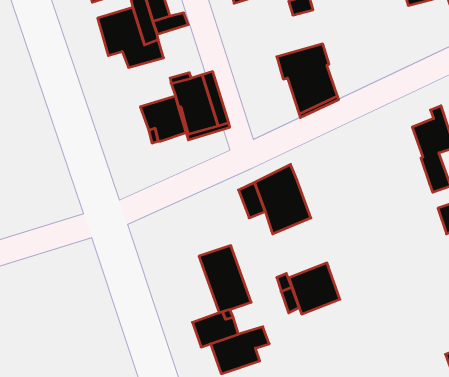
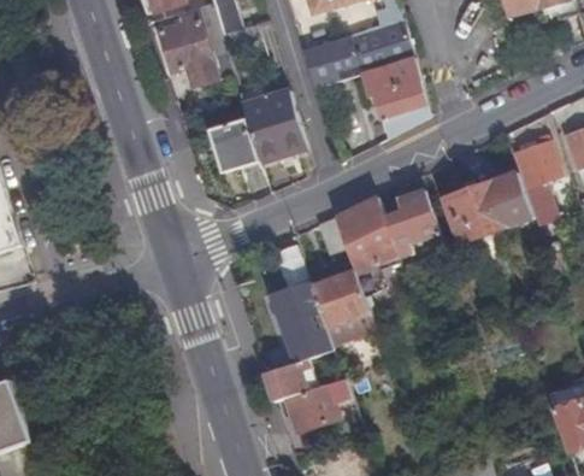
building: none -> [300,19,412,87]
building: none -> [443,170,532,242]
building: none -> [383,188,438,254]
building: [289,263,340,314] -> [311,269,368,327]

